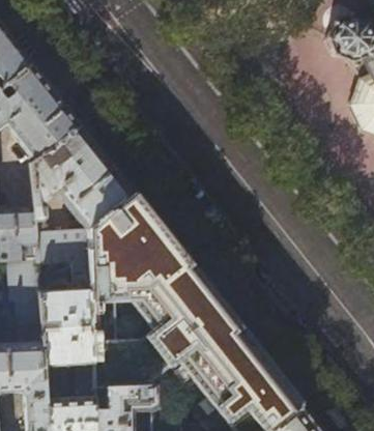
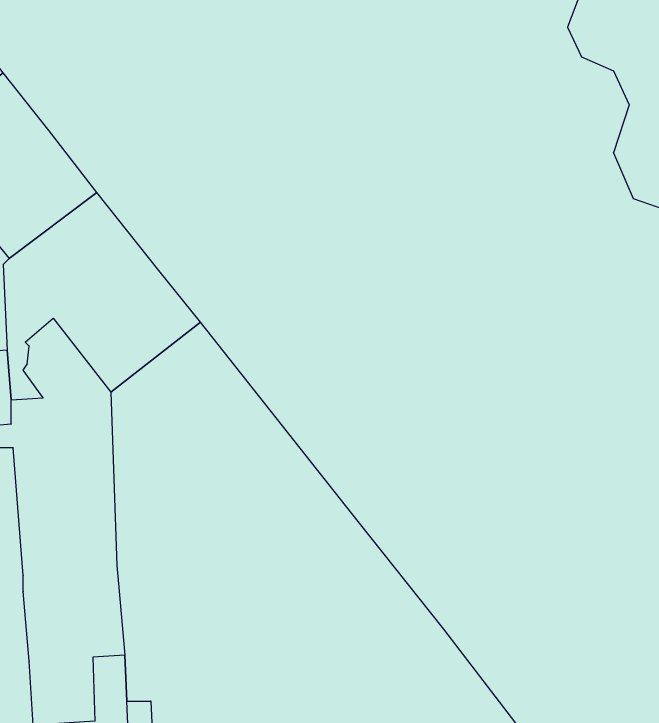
building: [34,230,93,370] -> none

